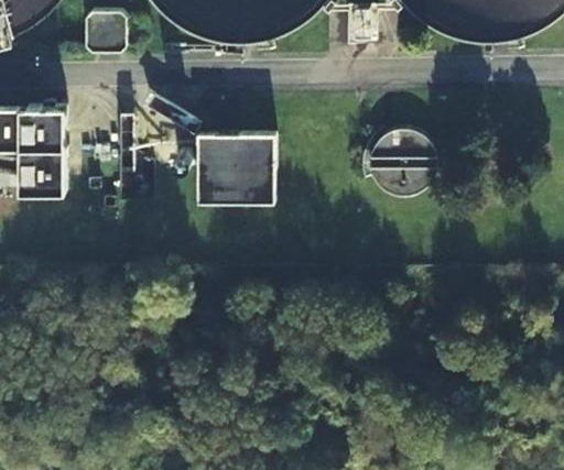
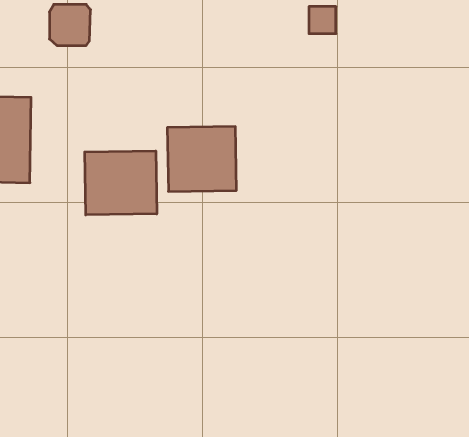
building: [366,132,432,198] -> none
building: none -> [85,151,157,215]

